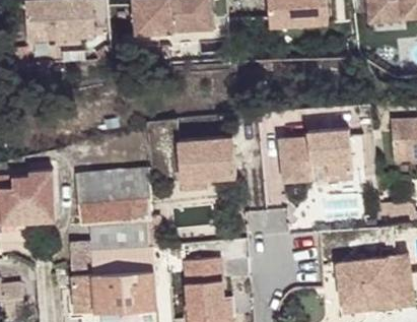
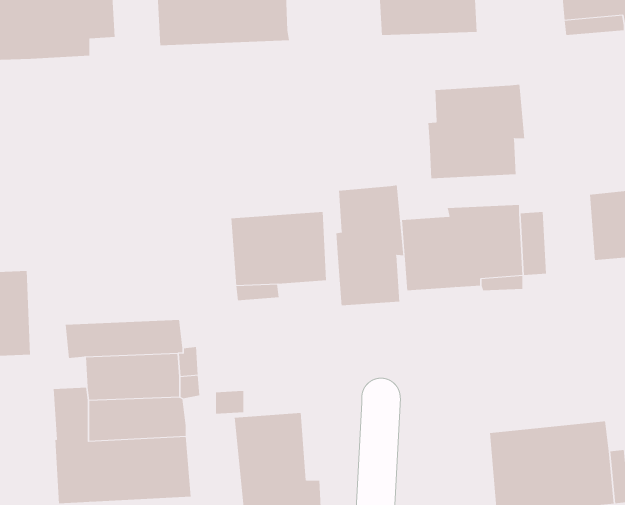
building: none -> [428,84,525,179]
building: none -> [336,184,404,306]
building: [74,169,147,202] -> none

